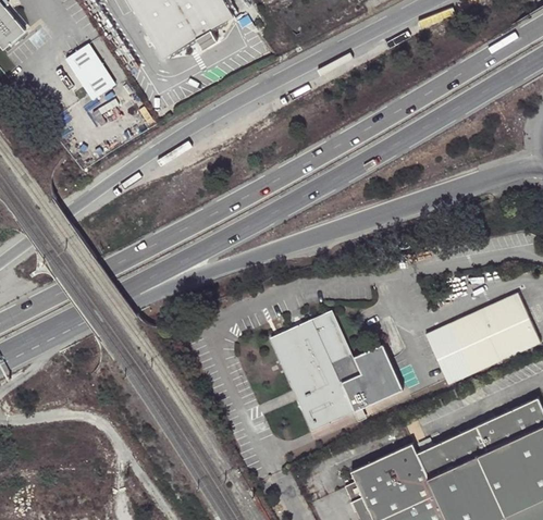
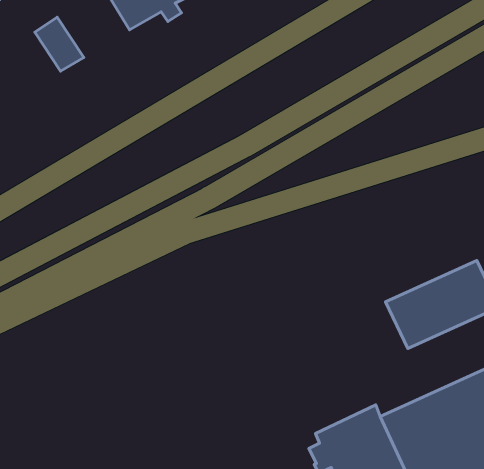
building: [270,311,403,430] -> none

